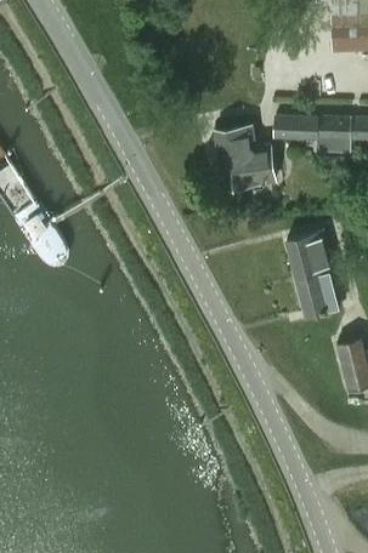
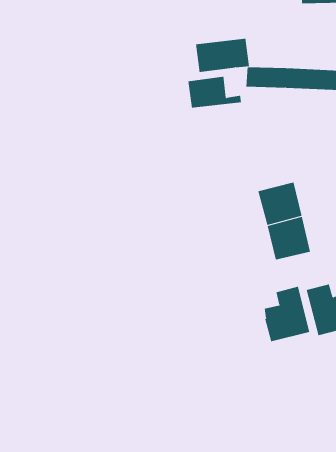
building: [219,153,274,188] -> [195,38,250,72]
building: none -> [264,286,310,342]

